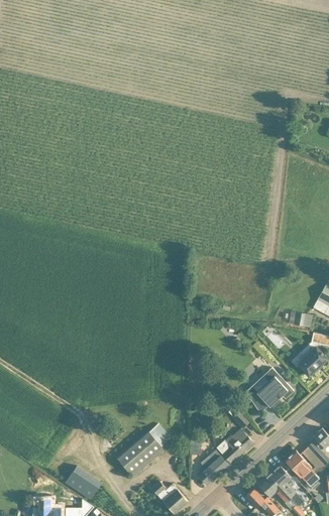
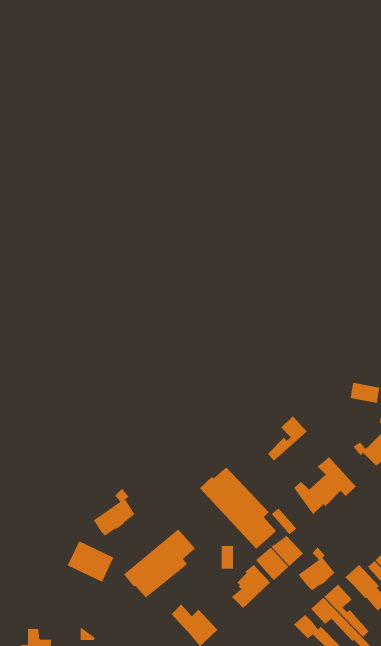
building: none -> [267,416,308,462]
building: none -> [199,466,277,549]
building: none -> [93,488,135,537]
building: none -> [298,547,335,591]
building: [63,466,99,498] -> [67,541,114,583]

